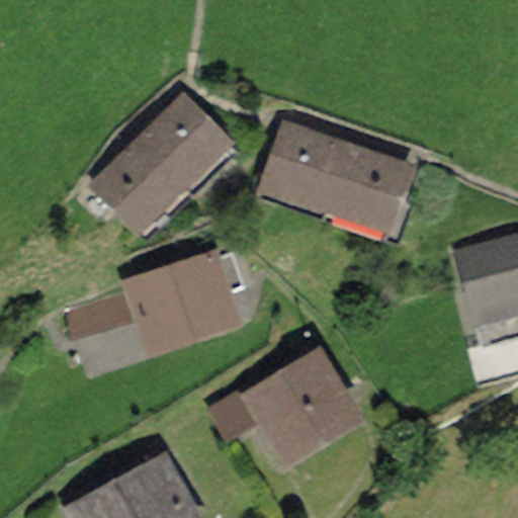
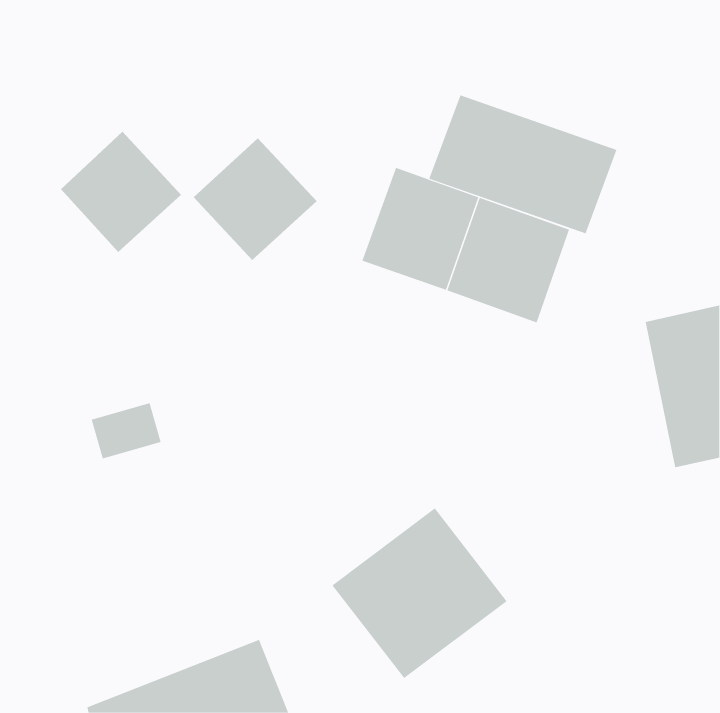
building: none -> [429,95,617,234]
building: [93,141,180,228] -> [60,131,182,253]
building: [117,257,232,361] -> none

